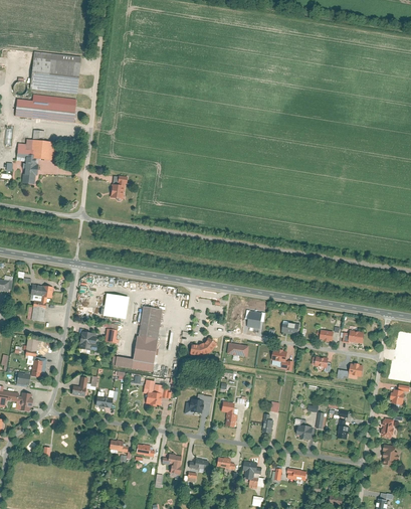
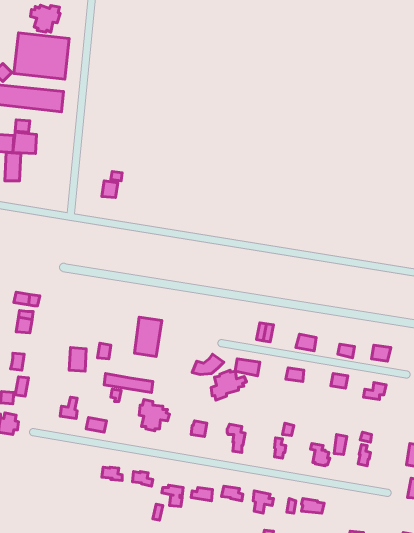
building: none -> [31,5,60,32]
building: [101,293,128,319] -> none
building: [133,337,157,362] -> none
building: none -> [211,370,247,400]

